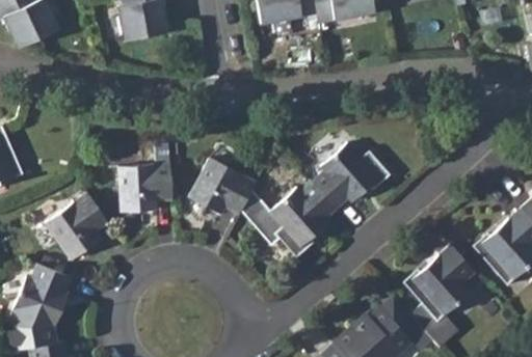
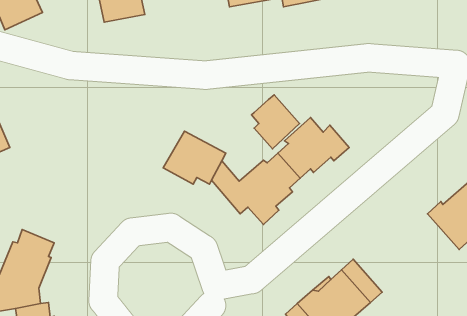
building: none -> [251,95,299,149]
building: [117,163,171,212] -> none
building: [45,192,108,259] -> none
building: [402,244,475,321] -> none

